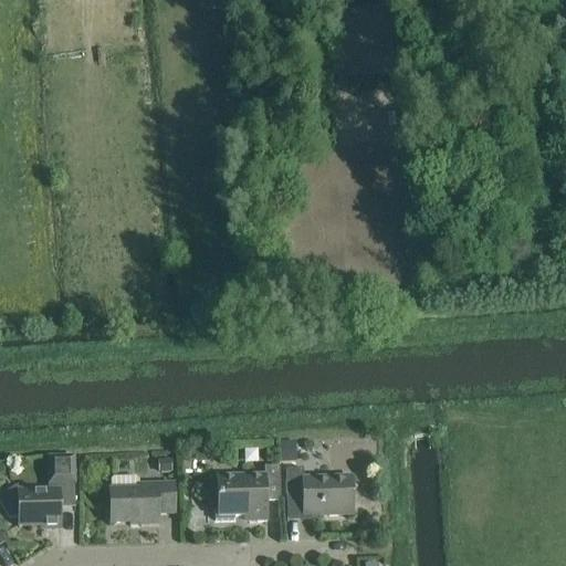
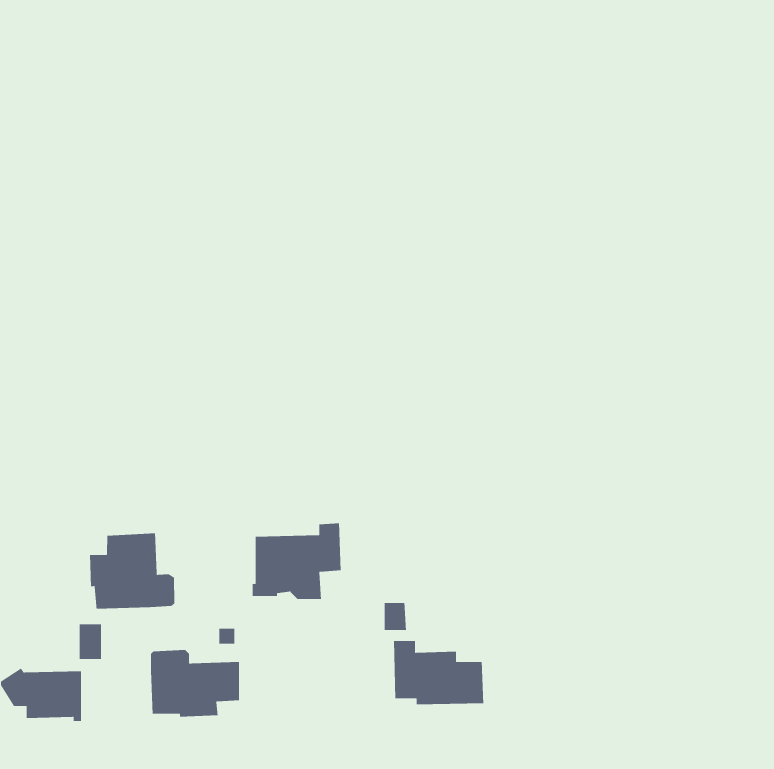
building: none -> [89,532,175,610]
building: [217,463,282,520] -> [252,522,341,600]

